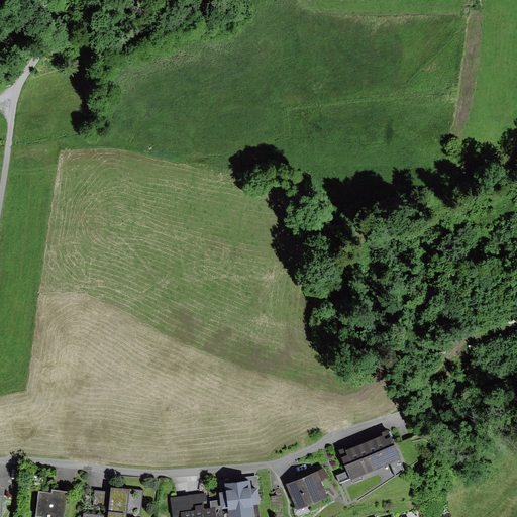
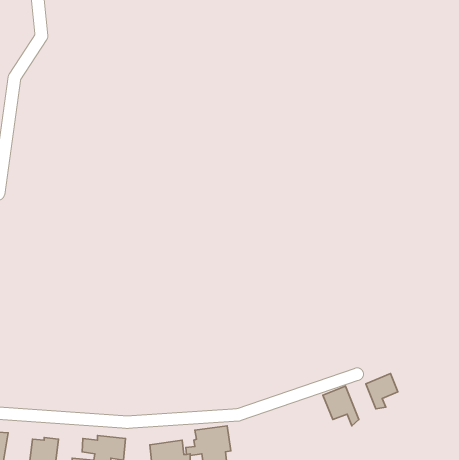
building: none -> [366,374,398,409]
building: [338,443,373,484] -> none
building: [289,467,333,512] -> none

